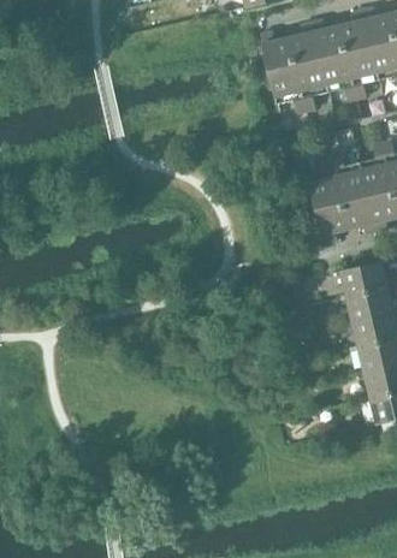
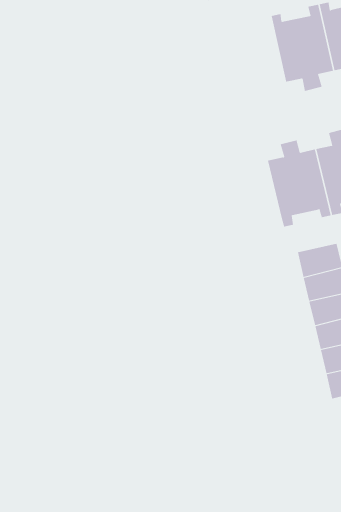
building: [260,23,327,114] -> none

